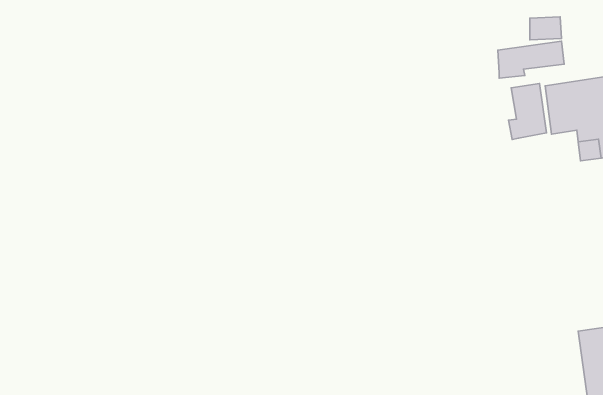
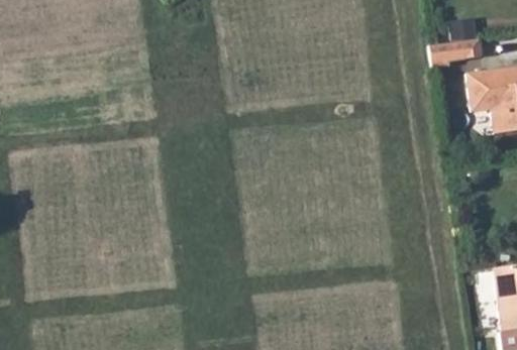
building: [508,83,547,140] -> none

